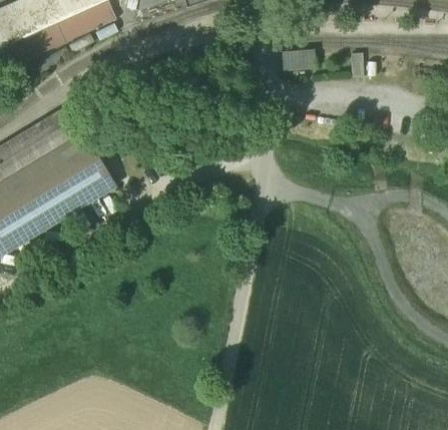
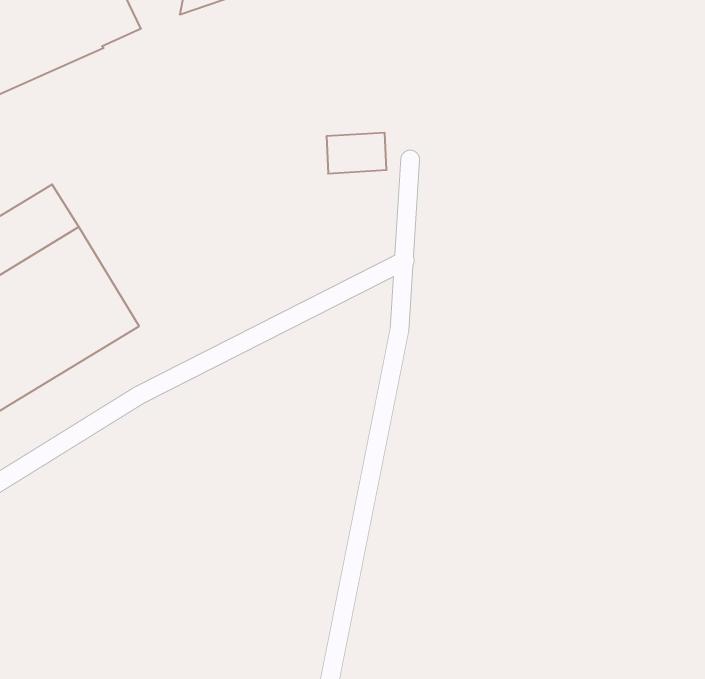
building: [280,50,314,73] -> [326,133,387,174]

